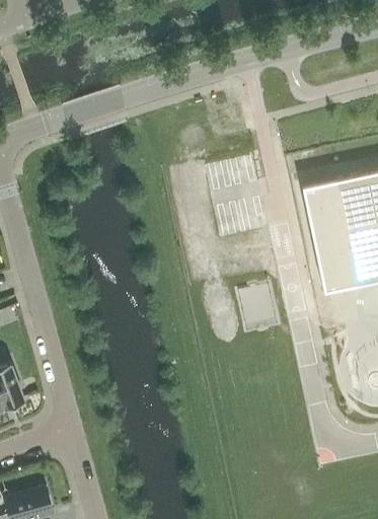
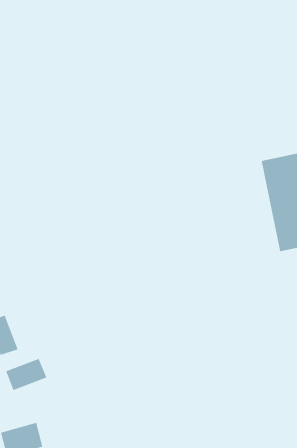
building: none -> [6,358,47,391]

